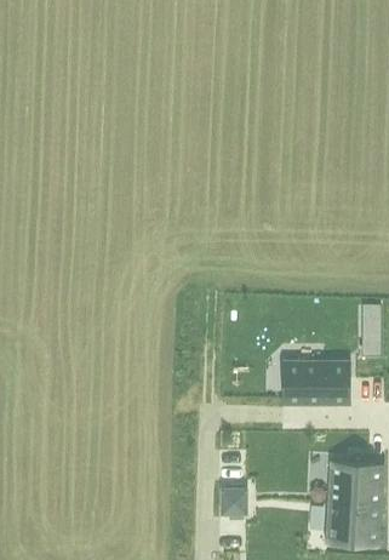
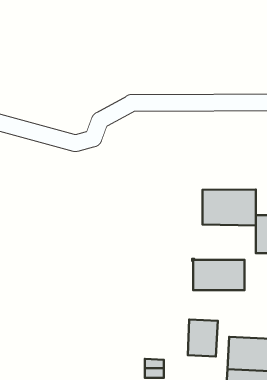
building: none -> [203,190,256,225]
building: none -> [188,319,218,356]

